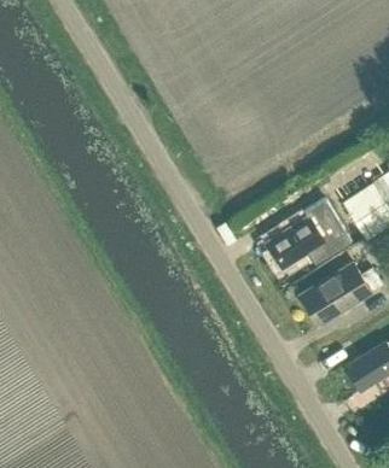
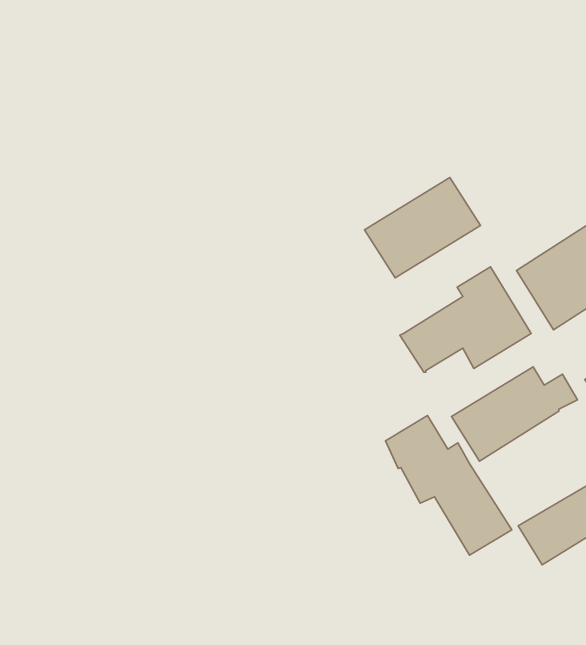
building: none -> [364,177,480,278]
building: none -> [385,415,512,555]

